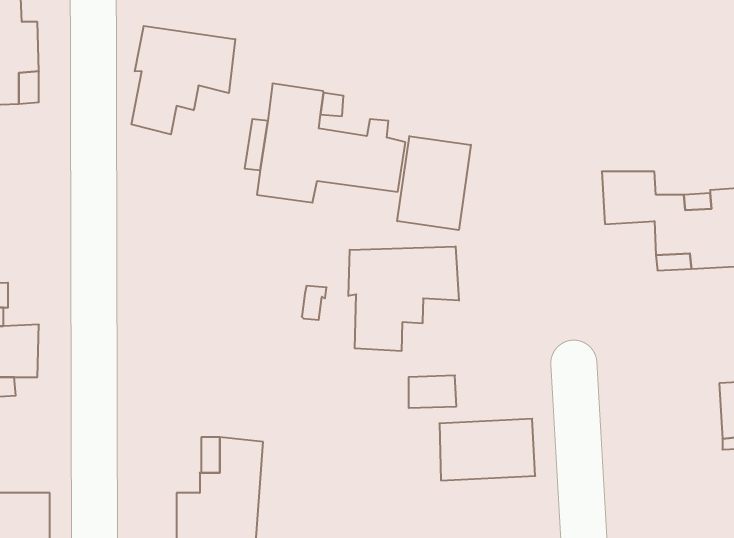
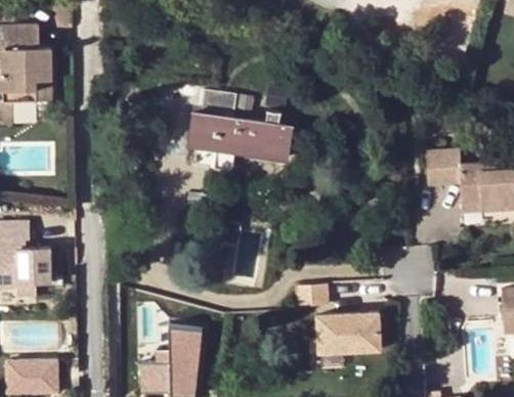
building: [131,26,235,134] -> none
building: [397,136,471,230] -> none
building: [348,246,459,351] -> none

